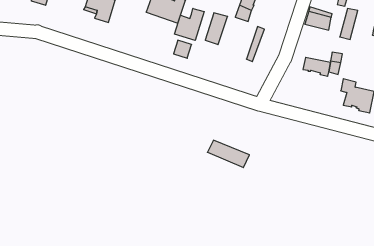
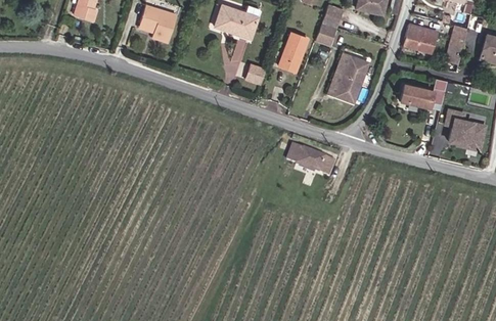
building: [175,8,204,40] -> none
building: none -> [340,51,372,96]
building: [207,140,249,168] -> [287,141,337,174]

